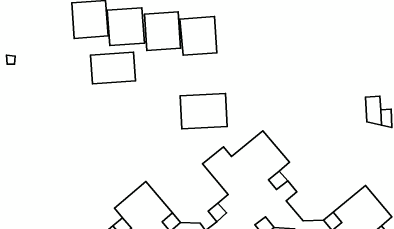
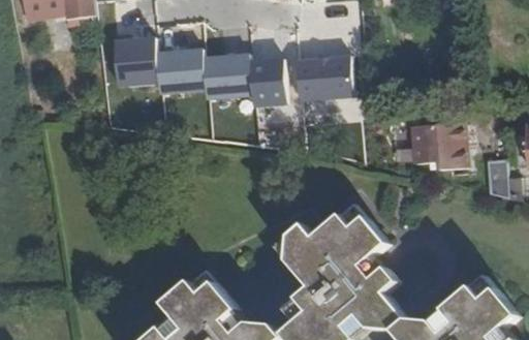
building: [91,52,135,84] -> none
building: none -> [410,121,464,168]
building: [180,93,227,129] -> [294,55,354,100]

